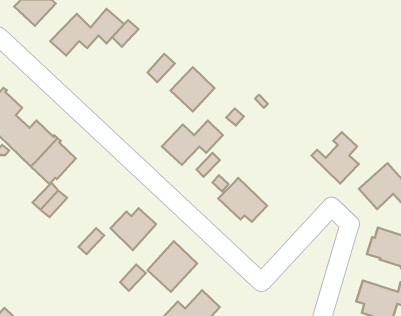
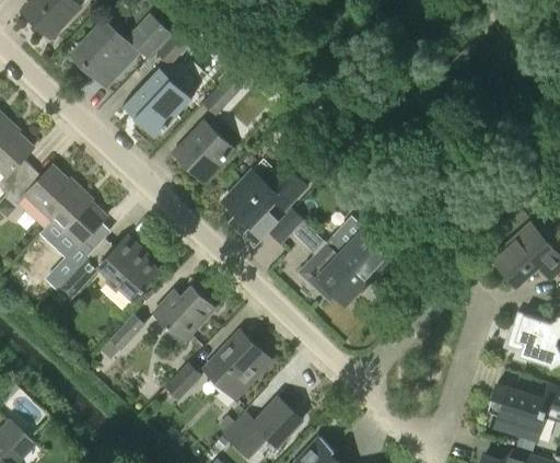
building: none -> [124,69,191,137]
building: [170,67,215,111] -> [173,121,233,182]
building: [311,132,359,183] -> [327,212,392,282]
building: none -> [100,236,158,300]

